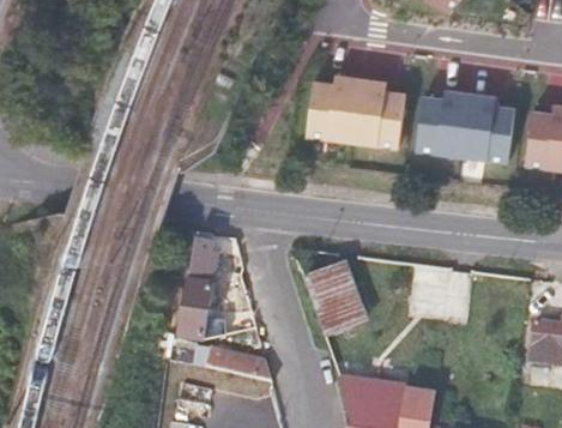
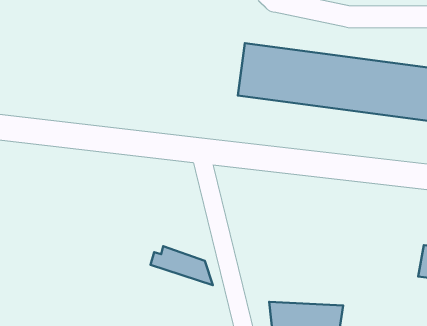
building: [182,230,228,317] -> none
building: [304,270,358,339] -> none

